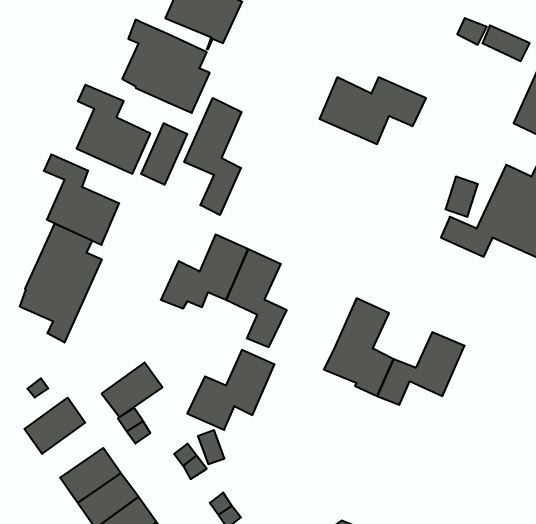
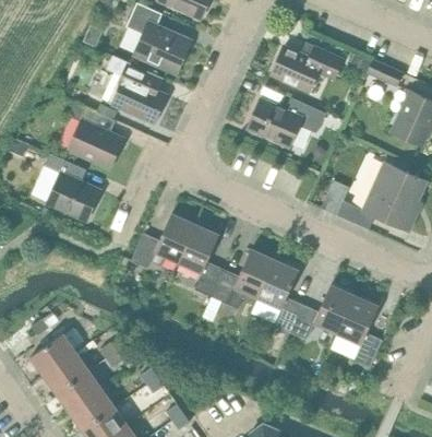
building: none -> [272,47,343,92]
building: [184,98,242,215] -> none
building: [141,123,187,185] -> none
building: [20,223,102,343] -> none
building: none -> [338,296,383,369]
building: [187,350,275,430] -> [211,250,275,309]
building: [102,362,162,417] -> [44,353,88,393]

